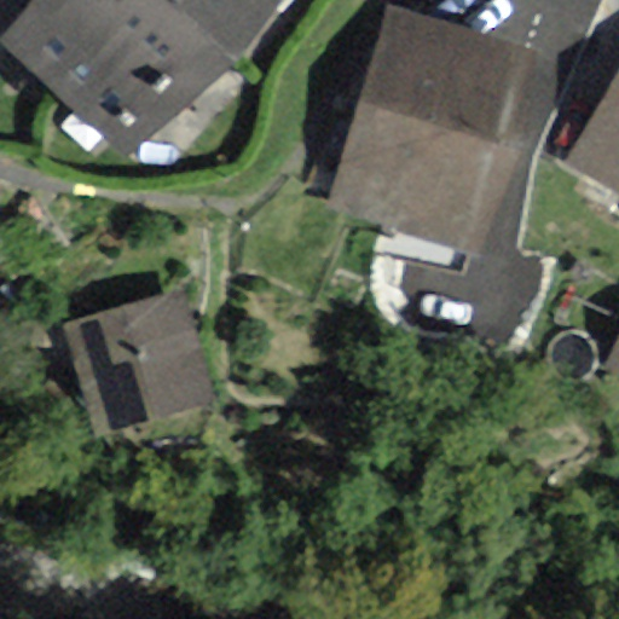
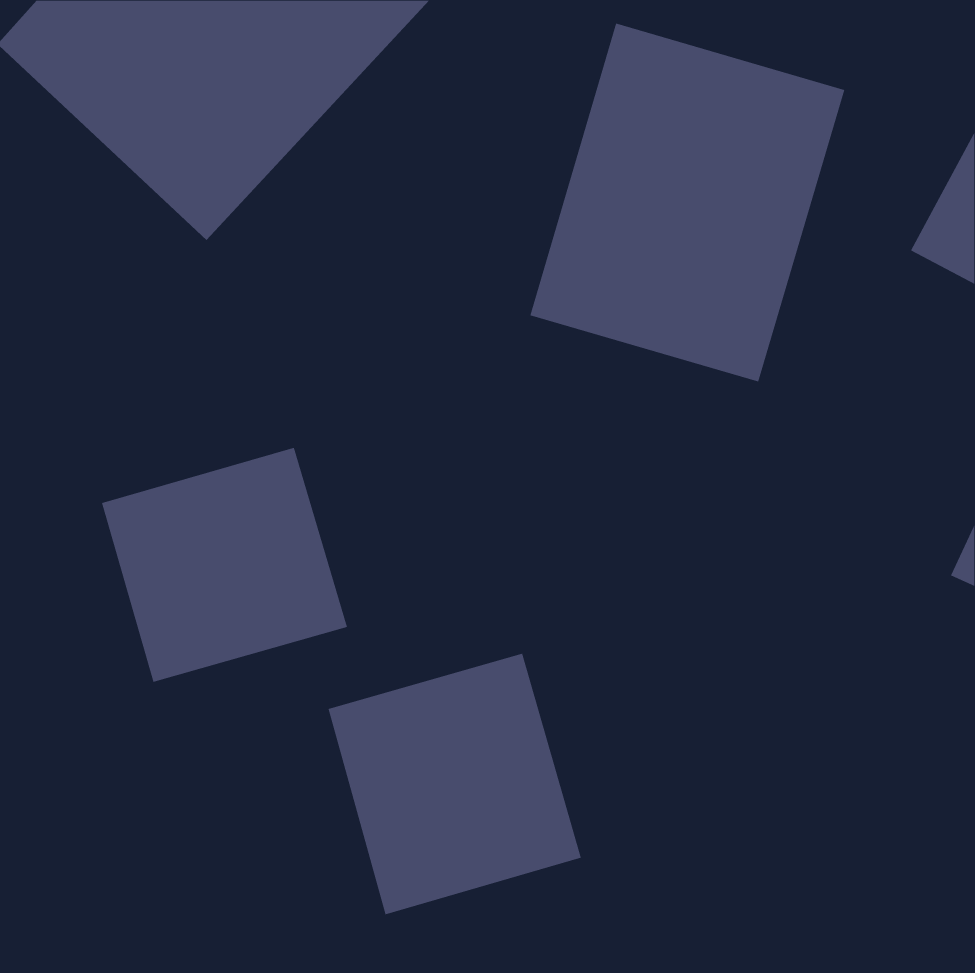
building: none -> [328,653,582,915]

